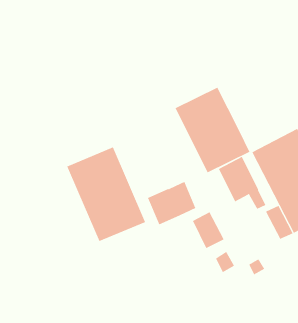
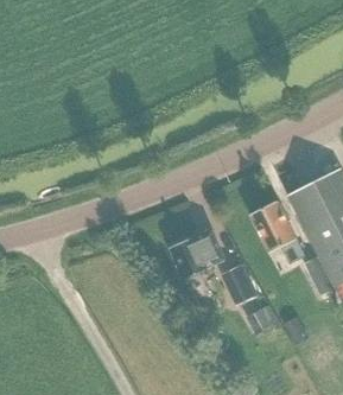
building: [175,87,250,173] -> none
building: [67,147,146,242] -> none

